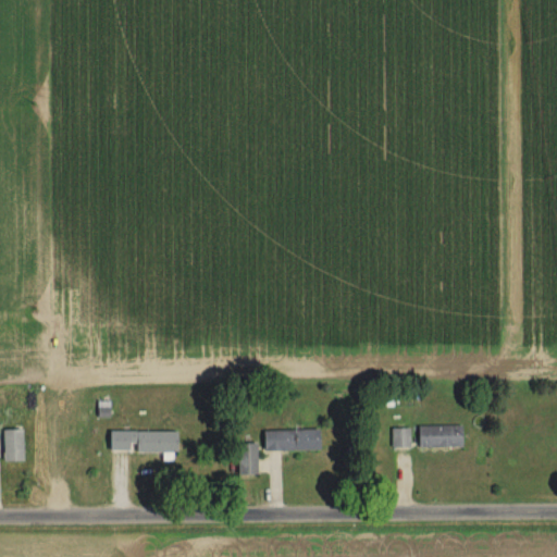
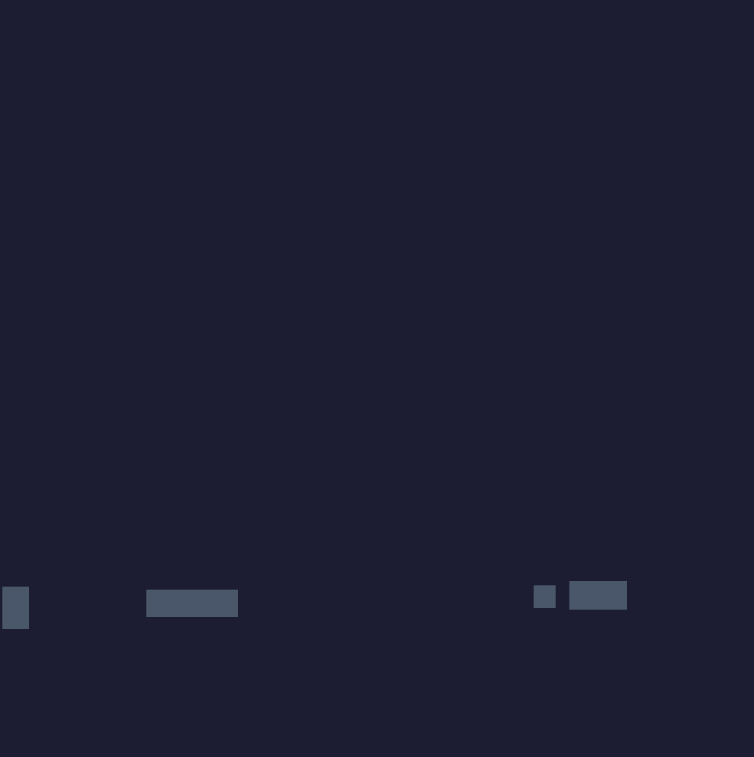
building: [264,430,321,450] -> none
building: [239,444,257,473] -> none

